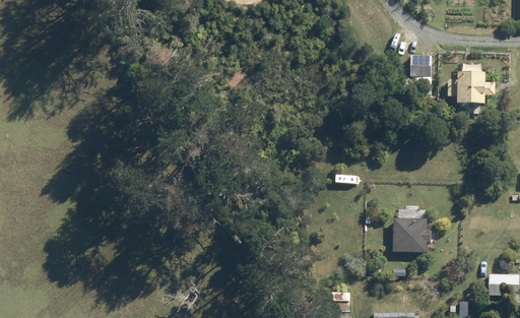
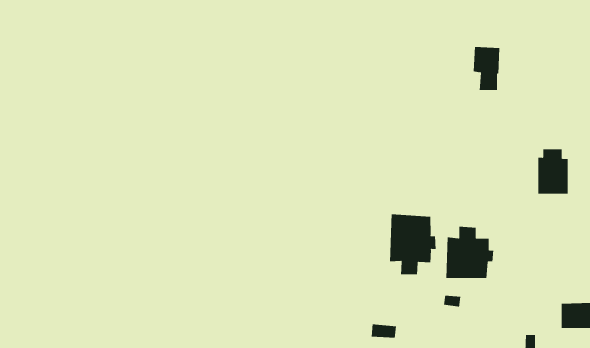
building: [461,67,488,106] -> [538,149,569,194]
building: none -> [390,214,436,275]

